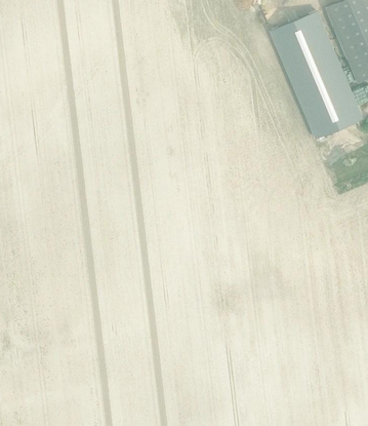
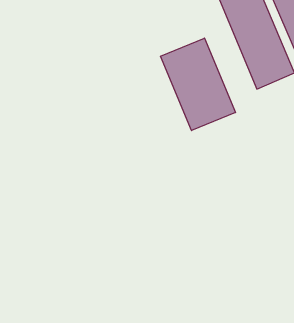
building: none -> [160,38,235,131]

